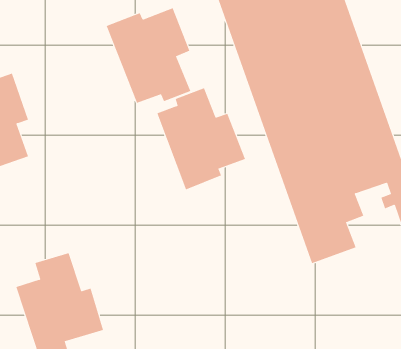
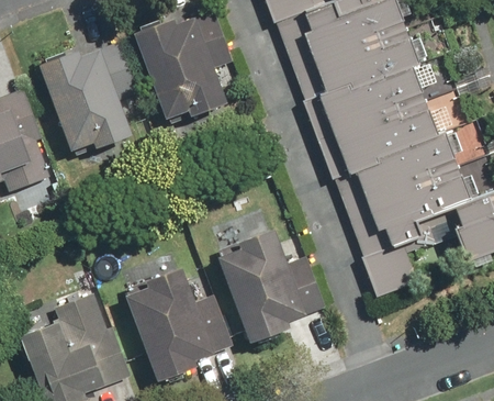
building: none -> [37,43,138,155]
building: [157,87,246,190] -> [221,226,323,344]
building: none -> [127,265,233,385]

